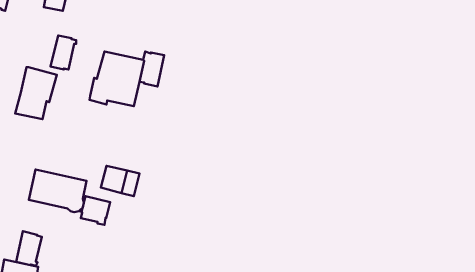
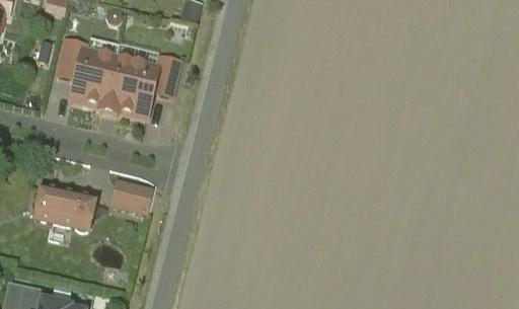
building: [15,67,57,119] -> [70,49,115,104]
building: [81,196,110,225] -> none
building: [16,231,42,266] -> none

